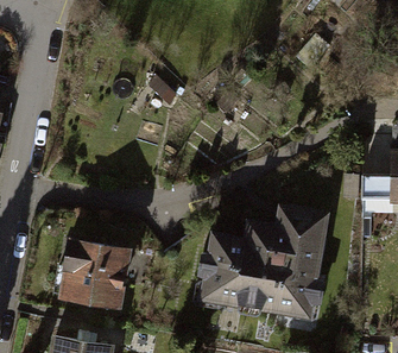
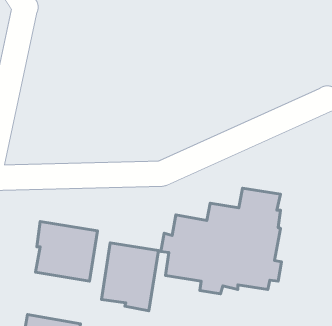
building: none -> [101,243,158,311]

